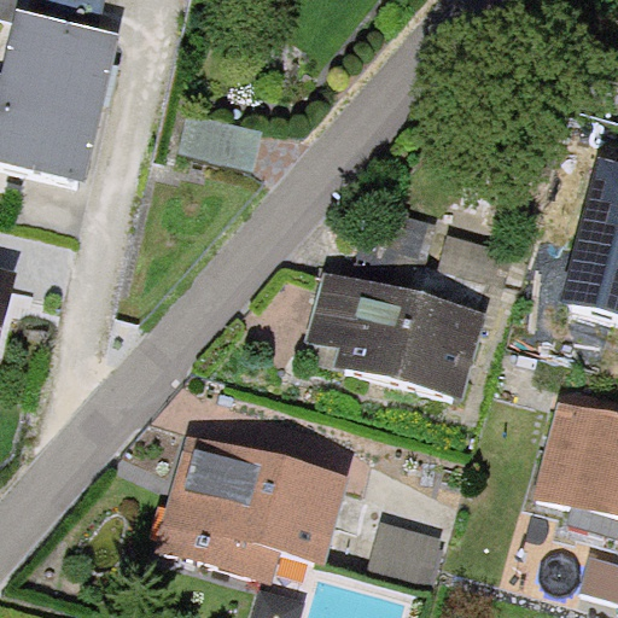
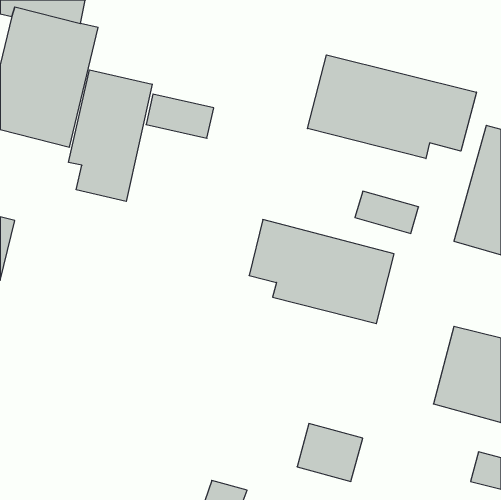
building: none -> [307,55,476,159]
building: none -> [69,70,152,201]
building: [156,435,348,581] -> none

